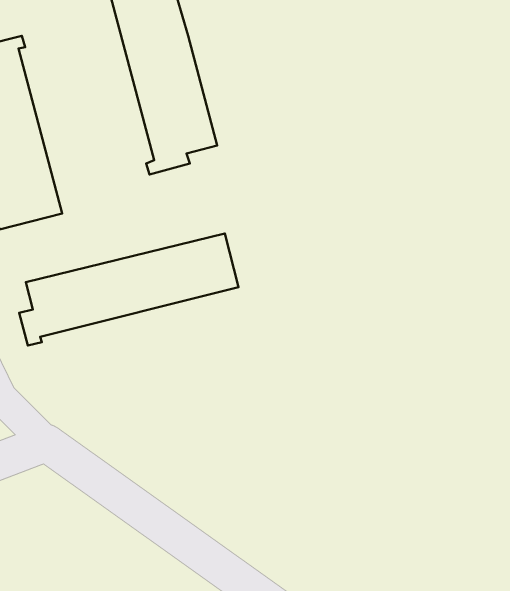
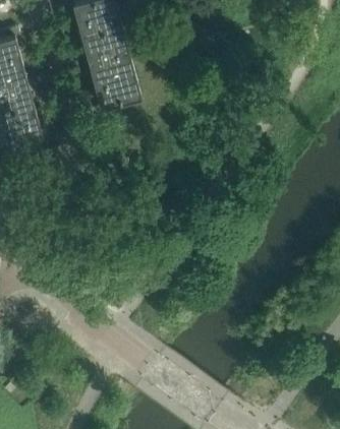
building: [19,234,238,345] -> none

